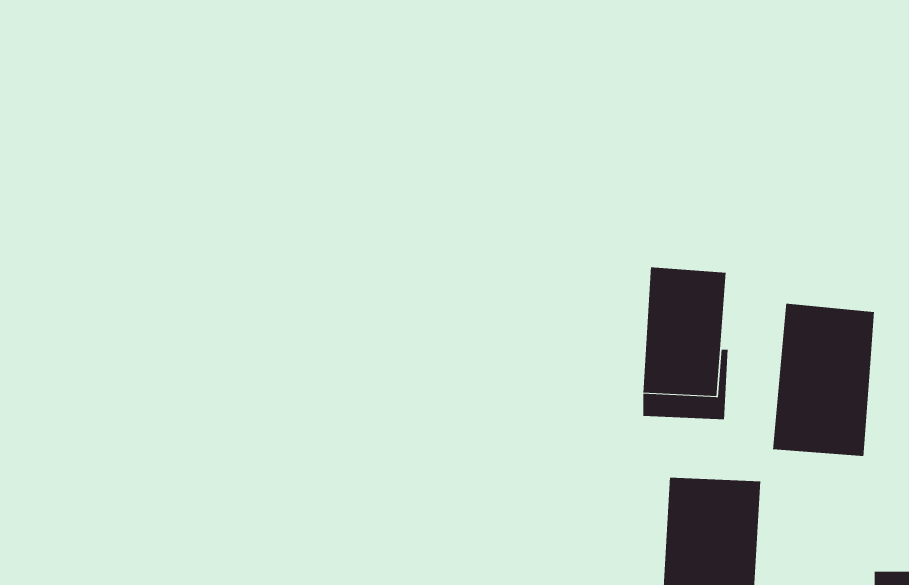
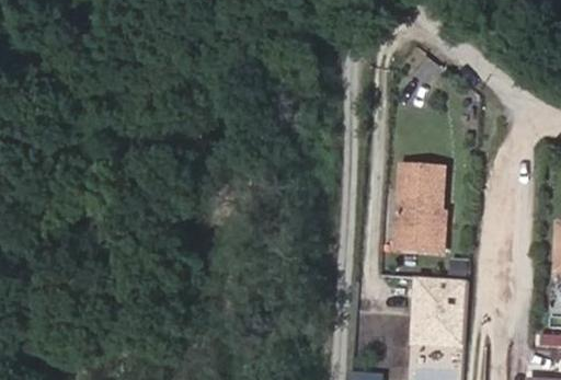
building: [772,303,874,457] -> none

